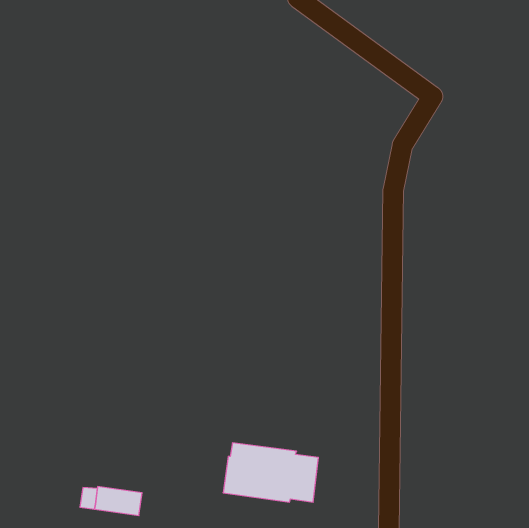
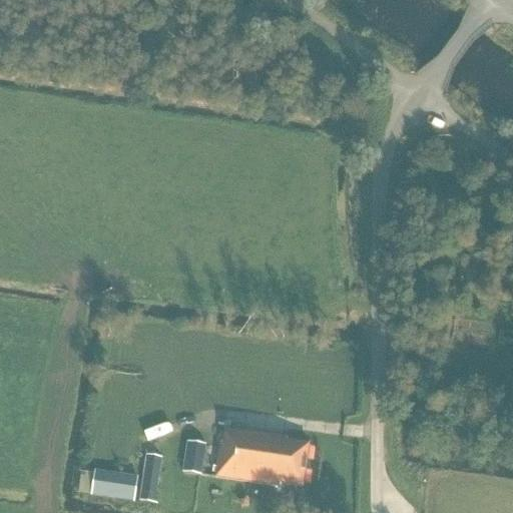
building: none -> [182,441,206,474]
building: none -> [139,454,163,502]

